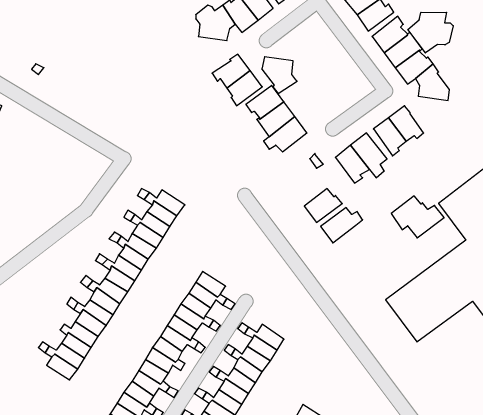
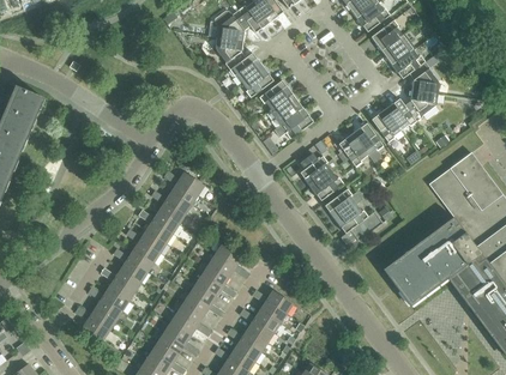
building: [408,12,453,53] -> none
building: [262,57,297,93] -> [215,37,246,69]
building: none -> [404,90,438,122]
building: none -> [300,153,338,187]
building: [391,196,444,238] -> [336,204,382,241]

